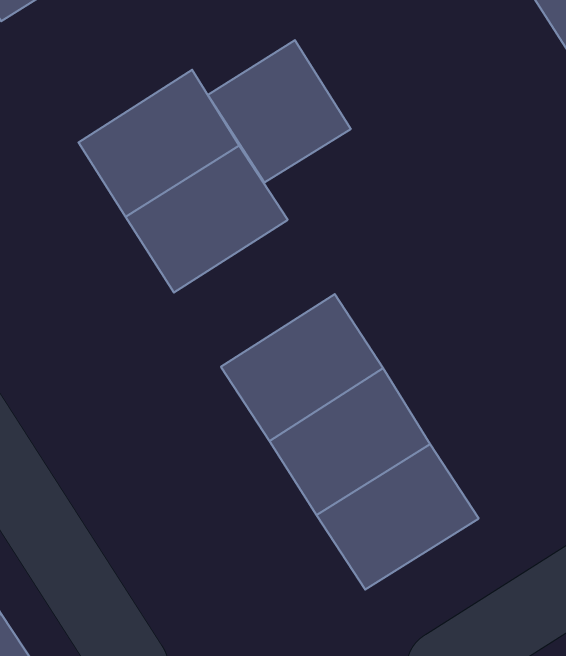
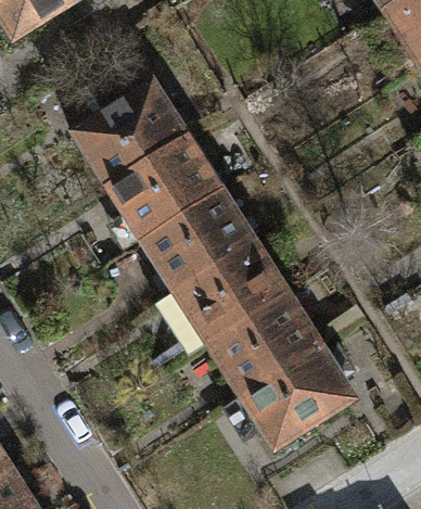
building: [208,40,351,182] -> none
building: none -> [137,183,252,289]

